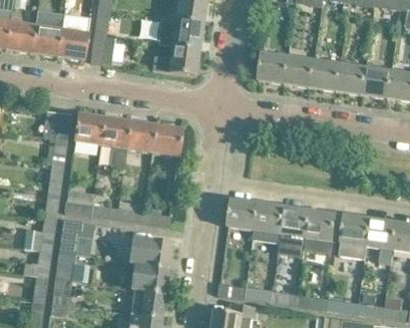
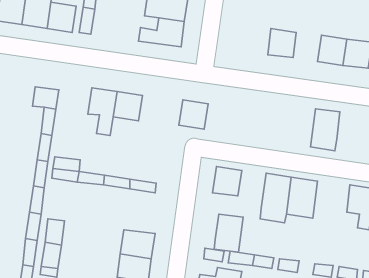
building: [259,52,288,83] -> none
building: [311,60,340,90] -> none
building: [73,113,103,144] -> none
building: [151,125,181,155] -> [179,100,208,129]
building: [253,203,283,242] -> [214,214,243,252]
building: [339,215,369,258] -> [310,109,340,151]
building: [58,219,92,255] -> none
building: [128,237,171,268] -> none

